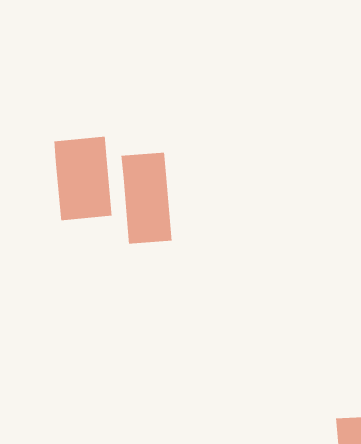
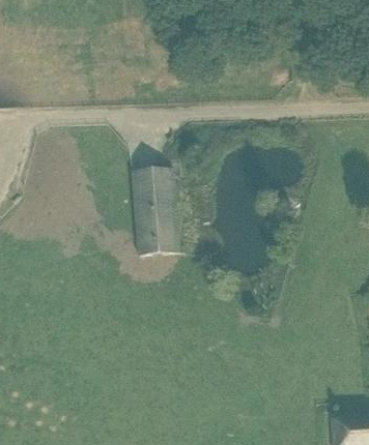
building: [54,136,112,221] -> none

